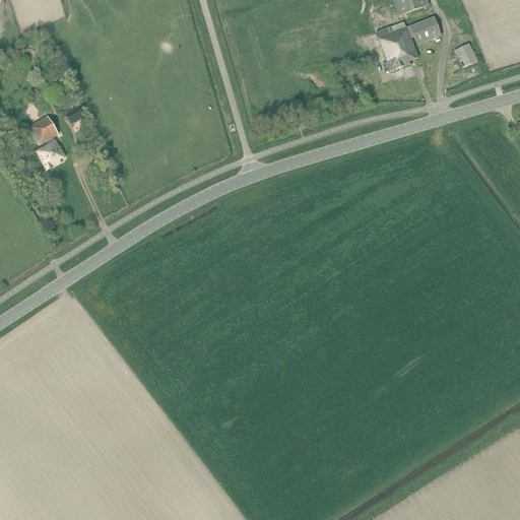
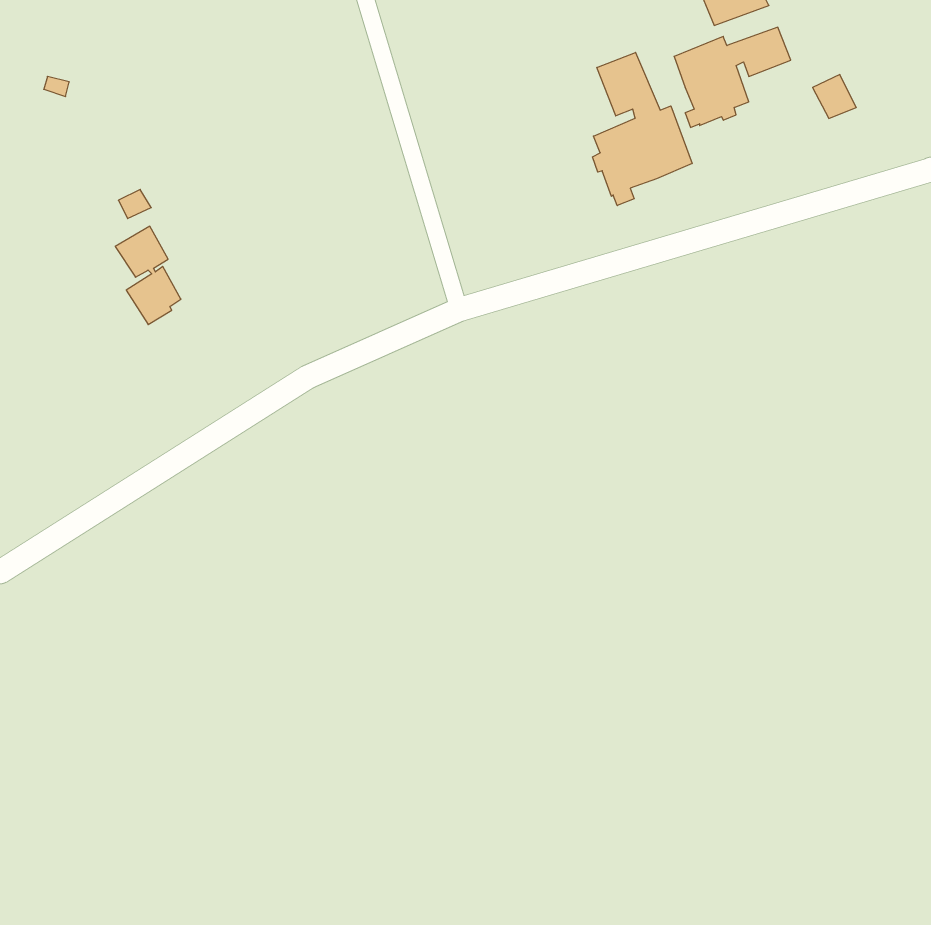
building: none -> [592,52,692,206]
building: [29,115,66,170] -> [115,226,181,325]

